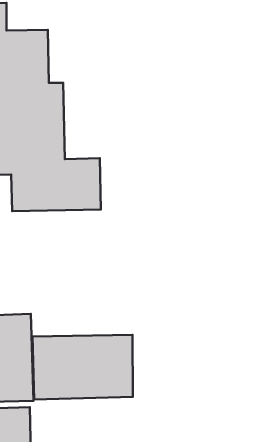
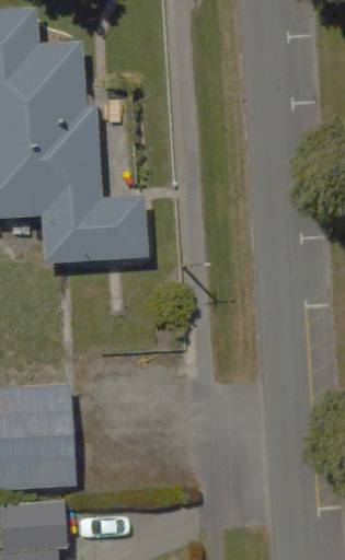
building: [33,335,133,399] -> none

